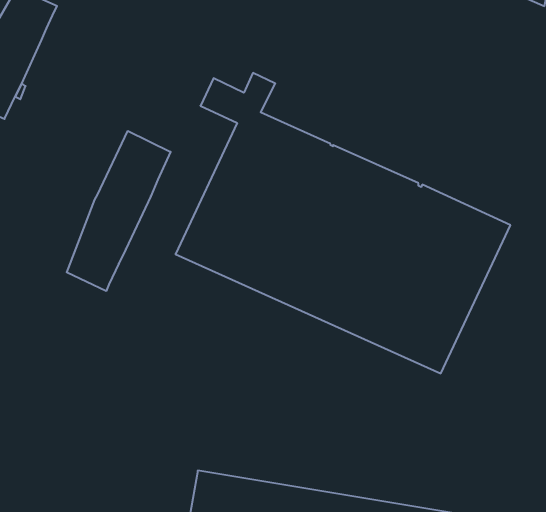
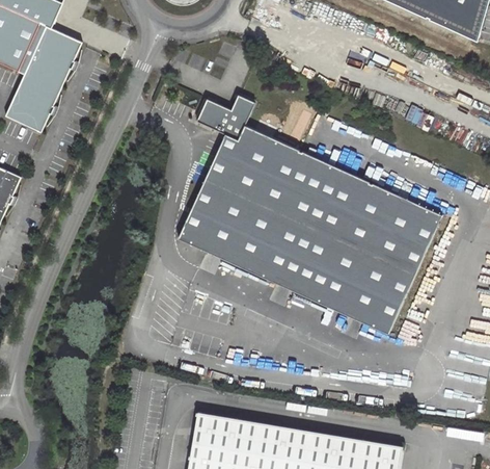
building: [67,131,171,291] -> none

